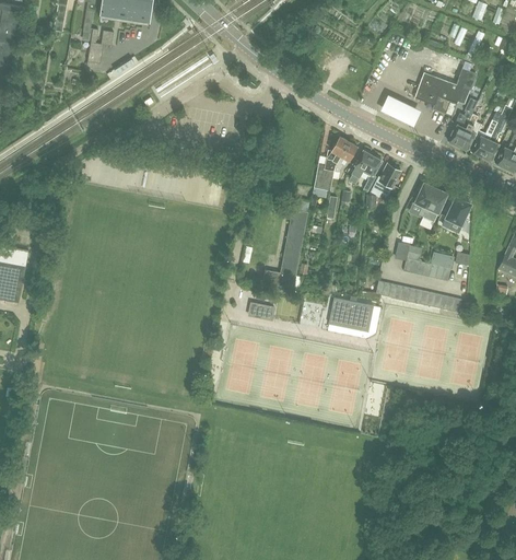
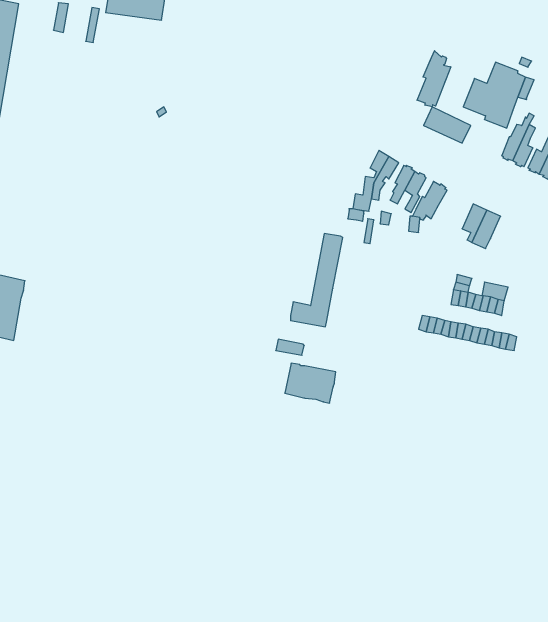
building: none -> [417,51,451,107]
building: [442,196,469,228] -> none
building: [328,296,373,331] -> [285,363,336,403]

